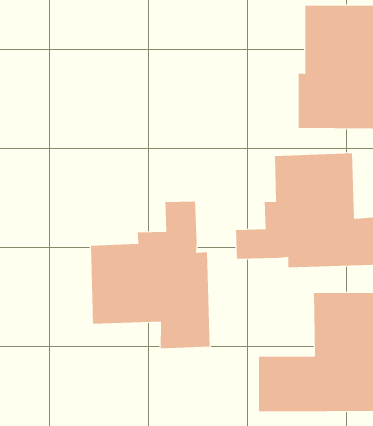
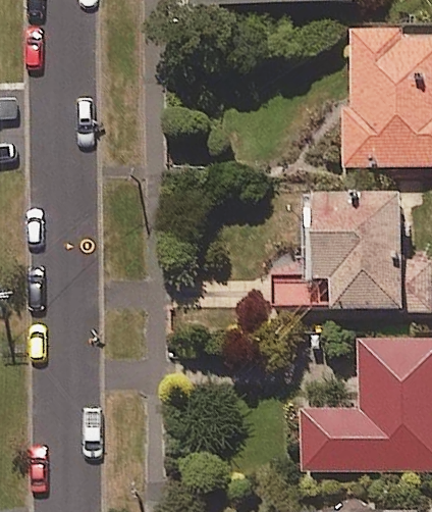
building: [91,201,210,349] -> none

